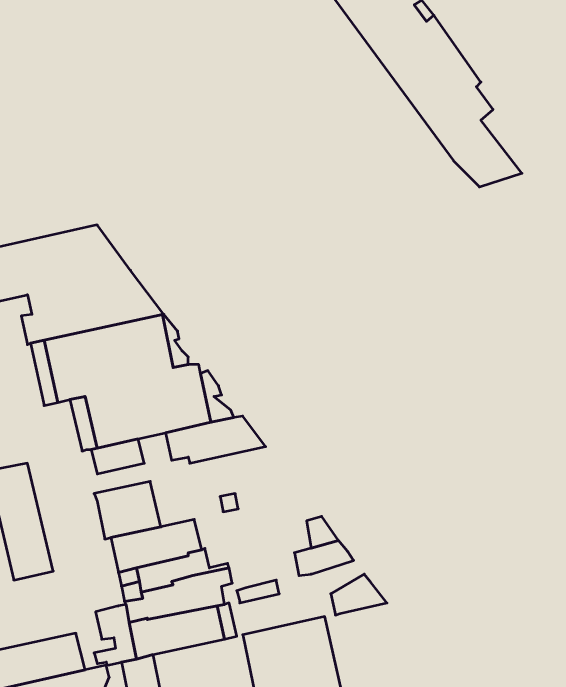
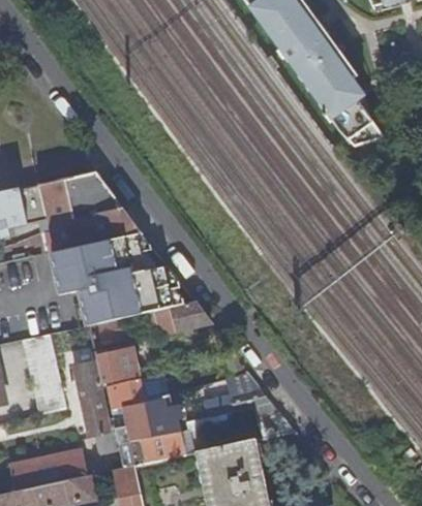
building: none -> [72,360,110,437]

